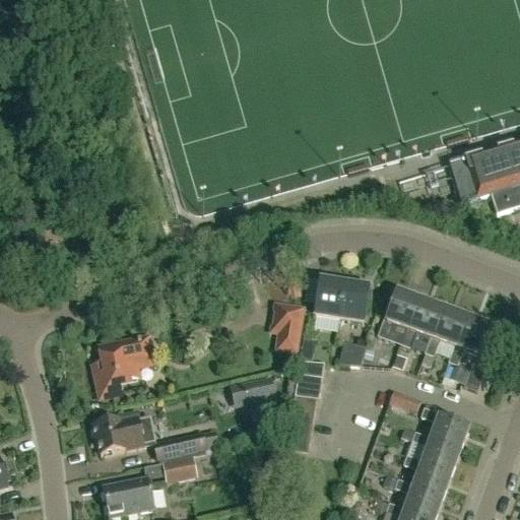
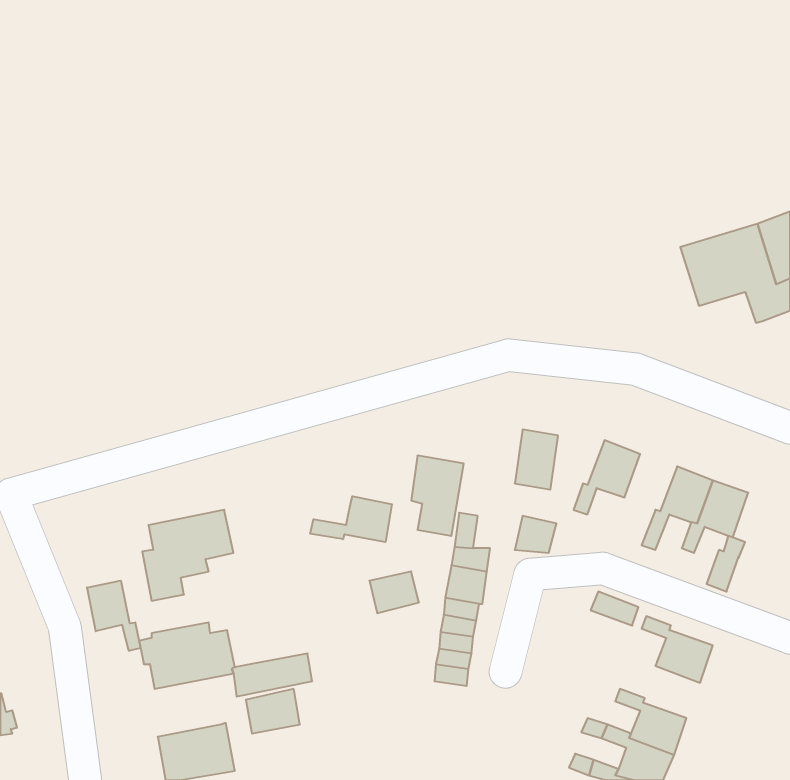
building: [313,278,343,318] -> none
building: [400,299,445,347] -> none
building: none -> [310,496,392,542]
building: none -> [87,581,141,651]
building: [401,425,460,472] -> none

